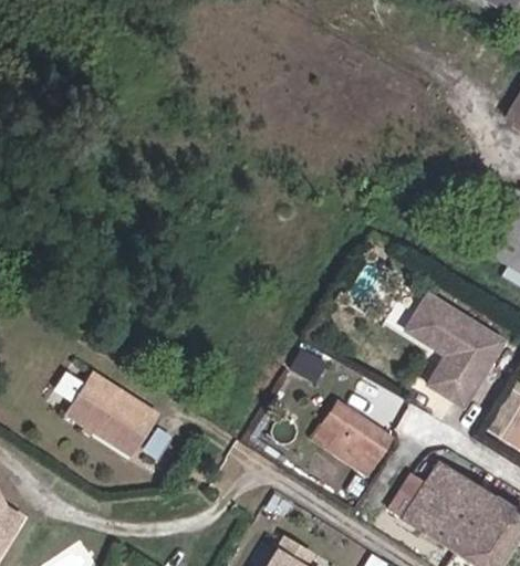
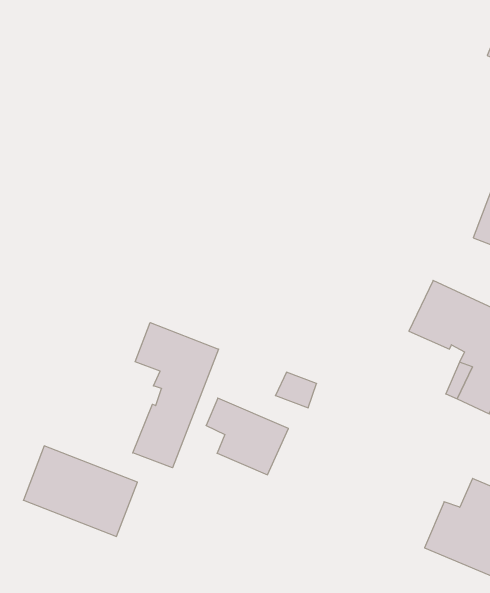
building: none -> [133,323,219,468]
building: [322,401,389,471] -> [206,398,288,475]

